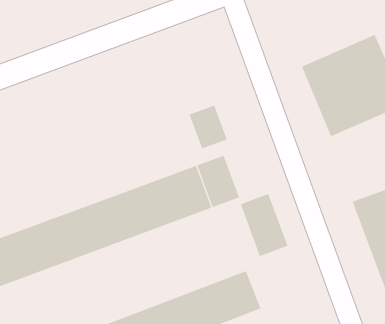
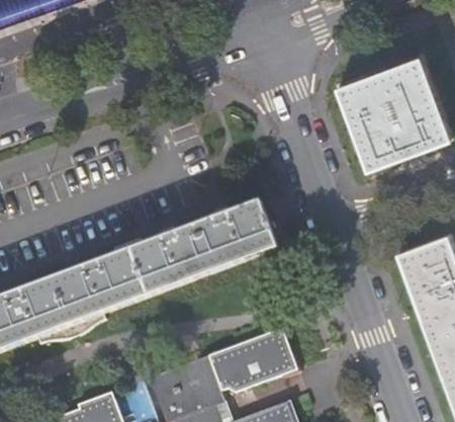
building: [189,105,228,149] -> none
building: [240,193,288,257] -> none

